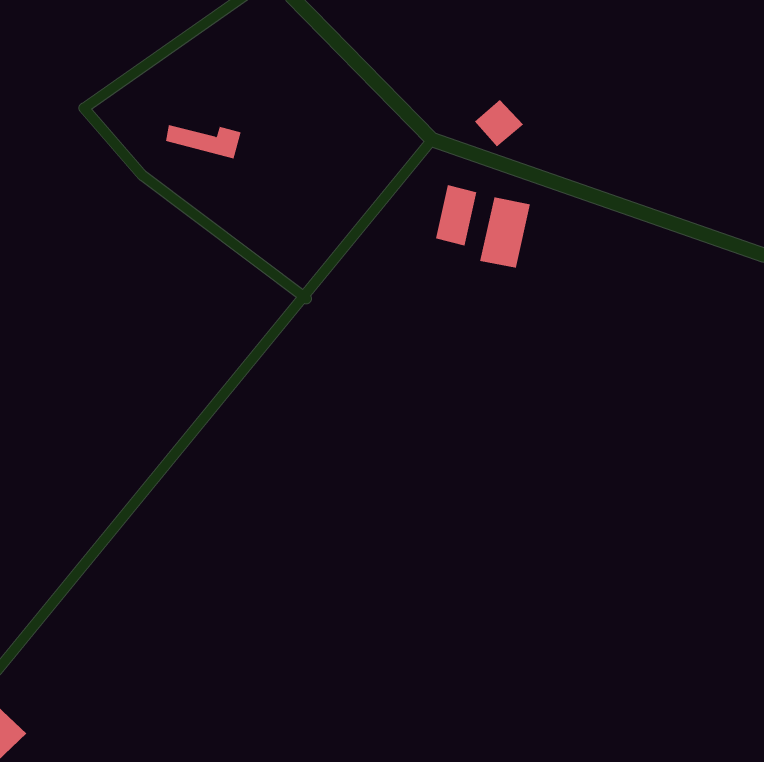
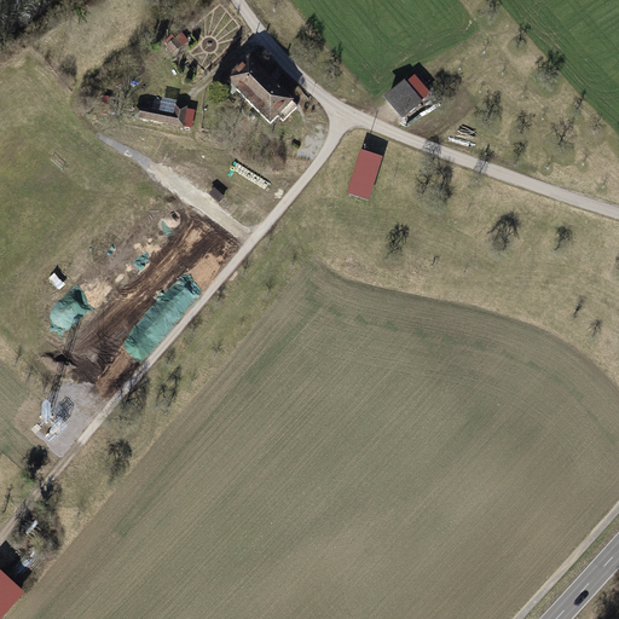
building: none -> [227,57,297,125]
building: [480,197,531,269] -> none

